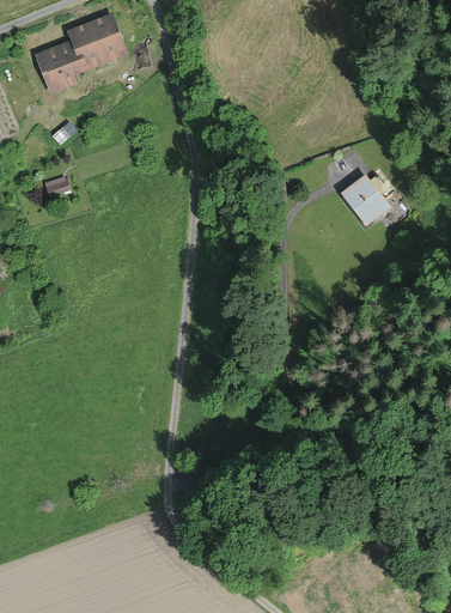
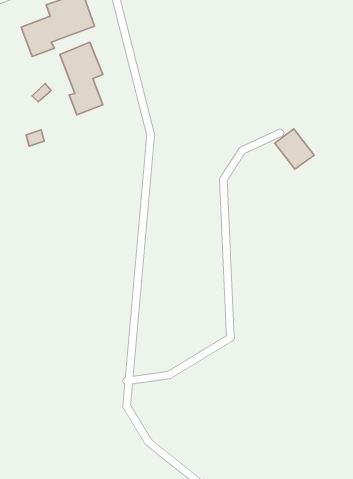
building: none -> [60,42,103,115]

